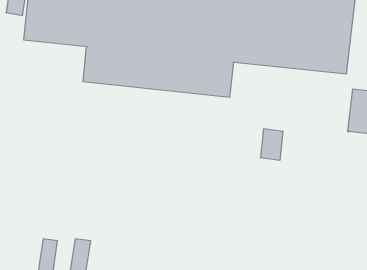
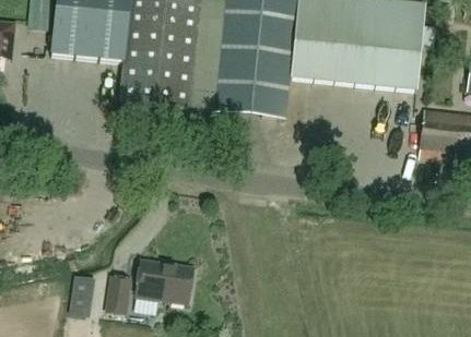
building: [261,129,283,160] -> none
building: none -> [136,258,192,301]

